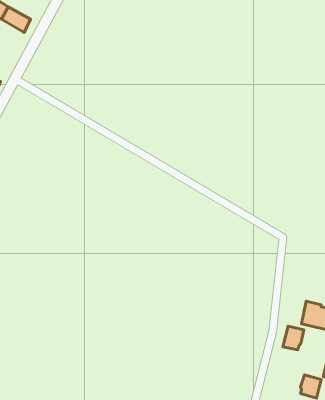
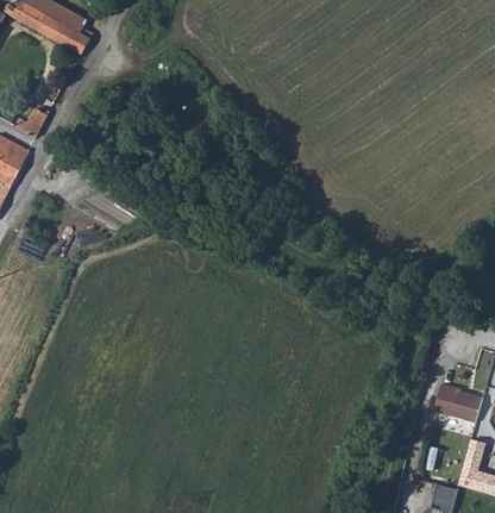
building: [283,326,304,350] -> none

